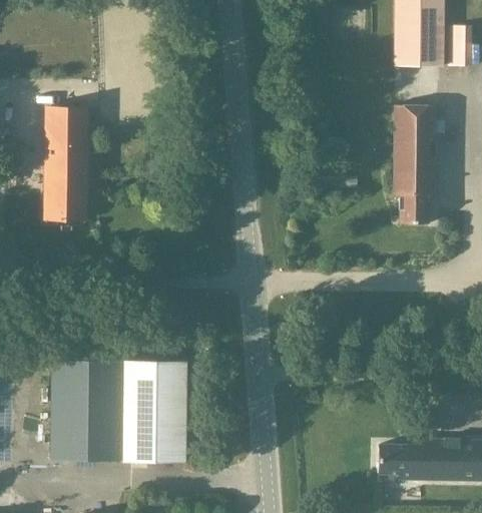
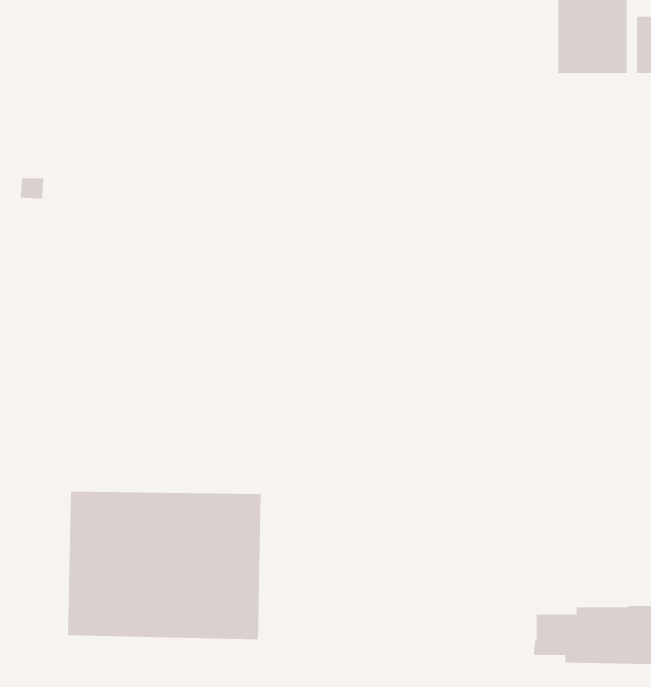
building: [394,104,436,224] -> none
building: [44,108,86,220] -> none

